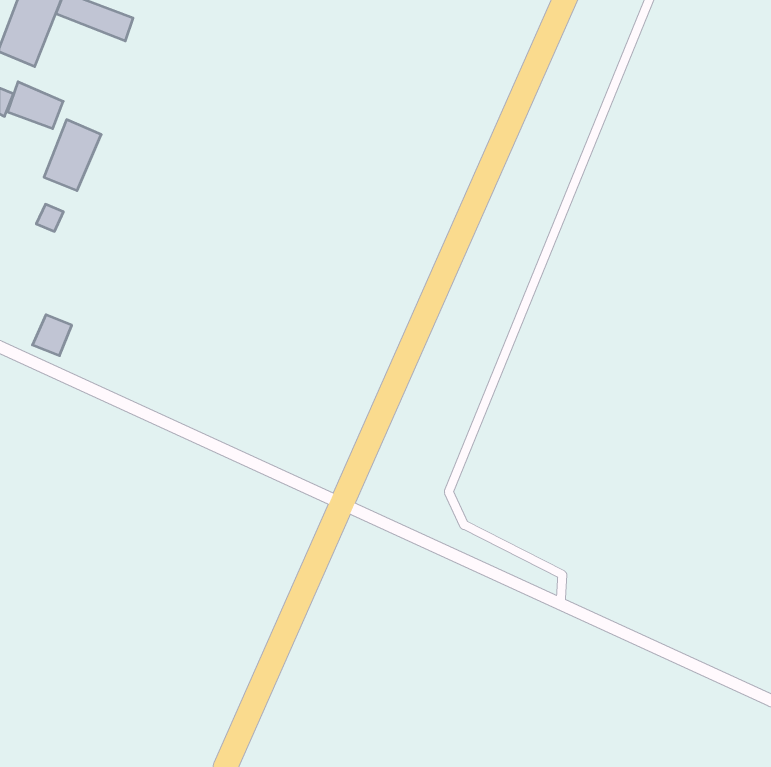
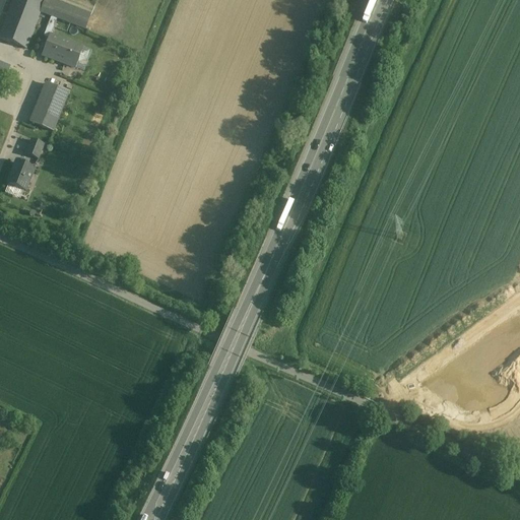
building: [7,82,63,129] -> [43,32,80,64]
building: [32,315,72,356] -> [6,159,32,187]

